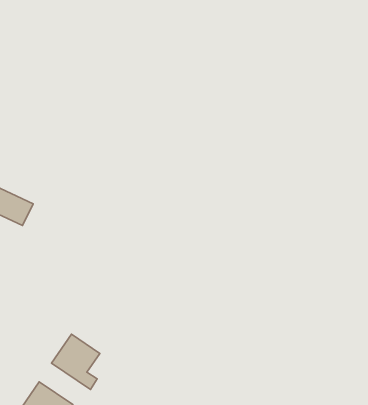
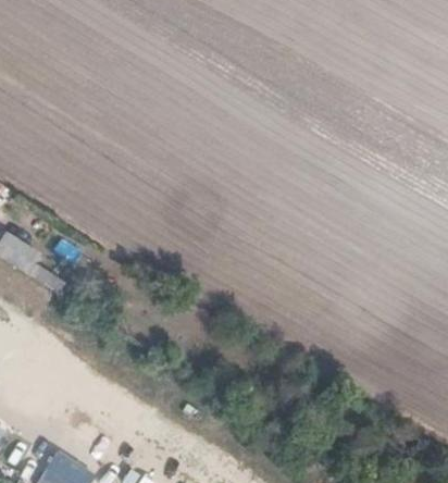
building: [52,334,100,390] -> none

